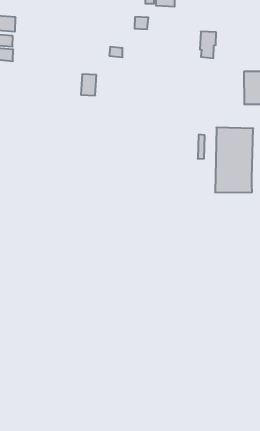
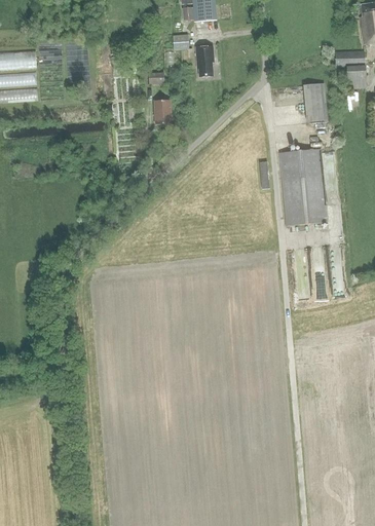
building: [200,32,216,58] -> [195,45,214,75]
building: [81,74,96,95] -> [153,99,171,123]

